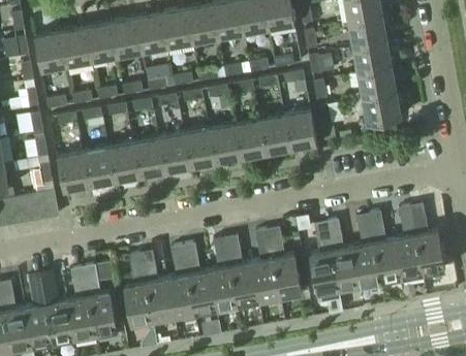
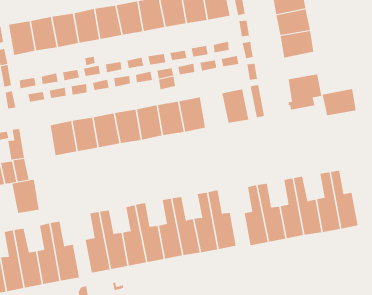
building: [356,66,397,98] -> [322,88,356,116]
building: [259,115,291,155] -> none
building: [56,152,89,192] -> [11,179,40,213]

